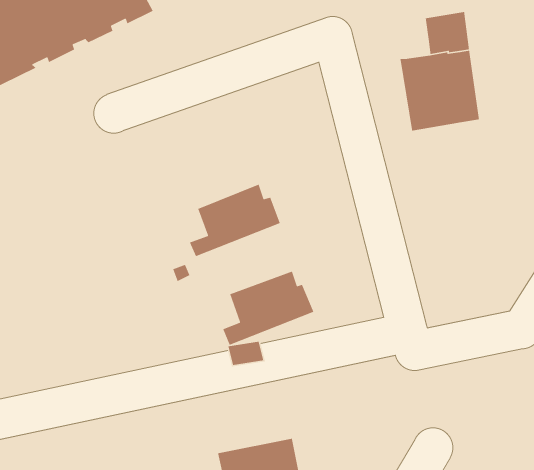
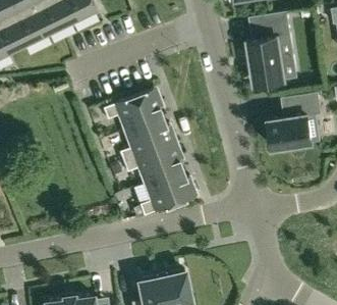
building: none -> [103,88,162,132]
building: none -> [268,92,322,149]
building: none -> [123,141,182,184]

